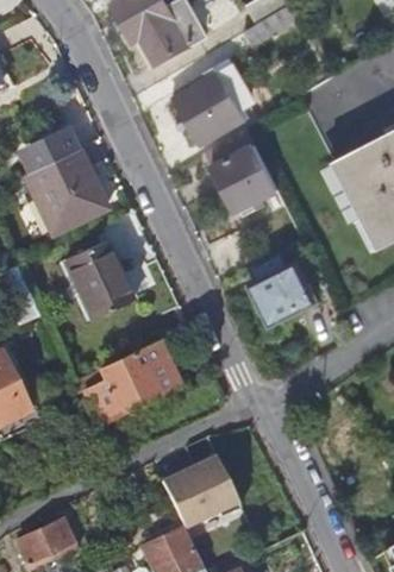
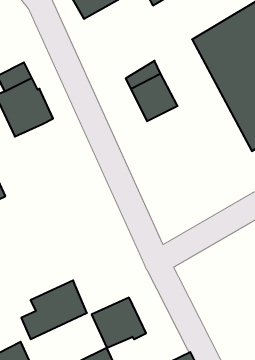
building: [177,71,248,145] -> none
building: [65,241,133,319] -> none
building: [254,251,321,326] -> none
building: [88,339,180,421] -> [21,280,87,339]

